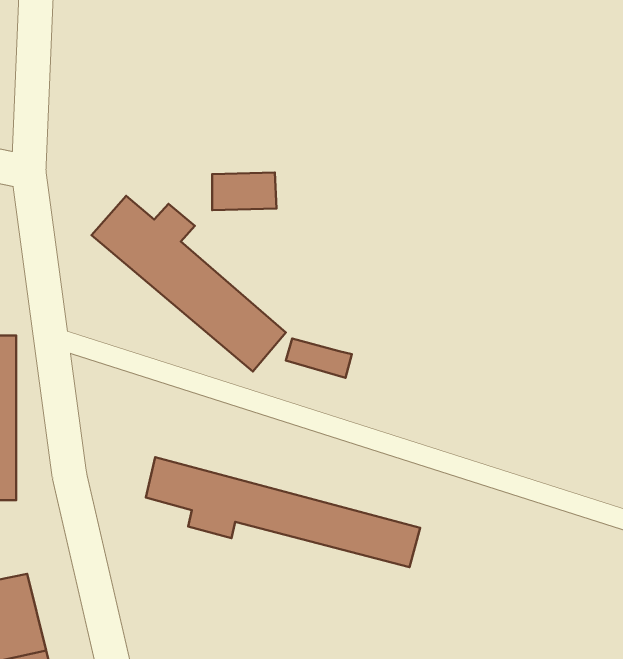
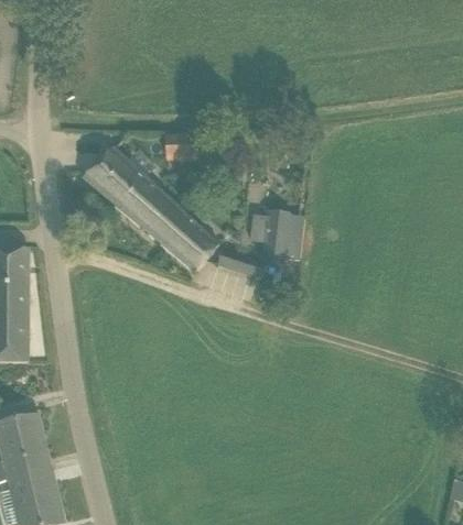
building: none -> [261,209,302,258]
building: [146,457,420,567] -> none

